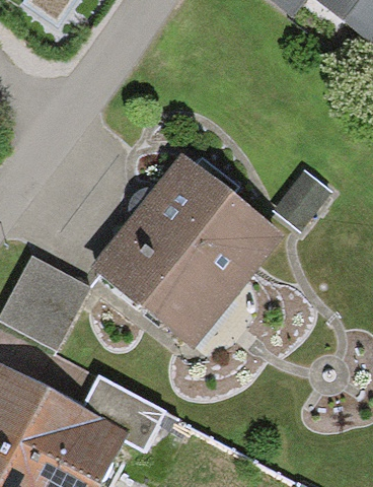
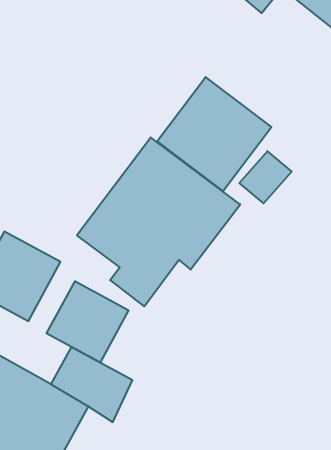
building: none -> [157,77,271,191]
building: none -> [47,281,129,362]

